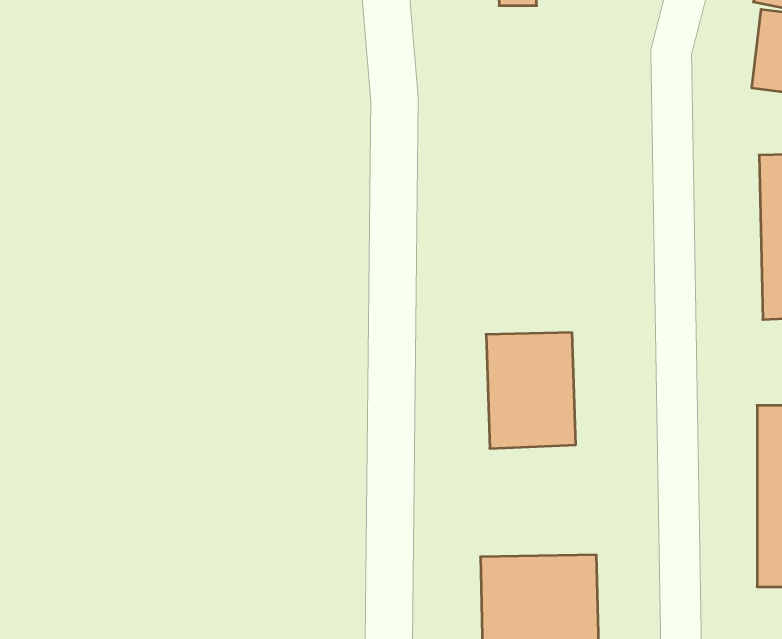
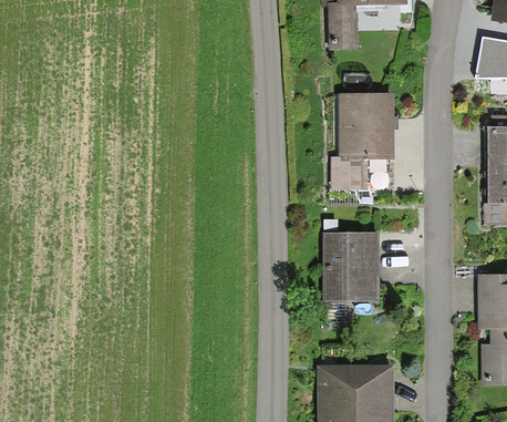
building: none -> [335,94,392,185]

